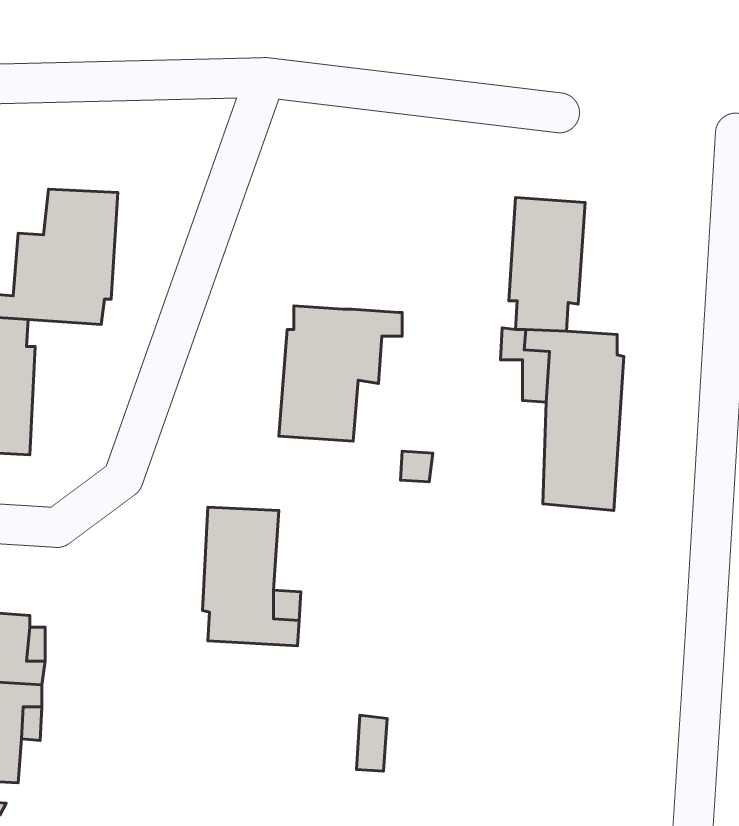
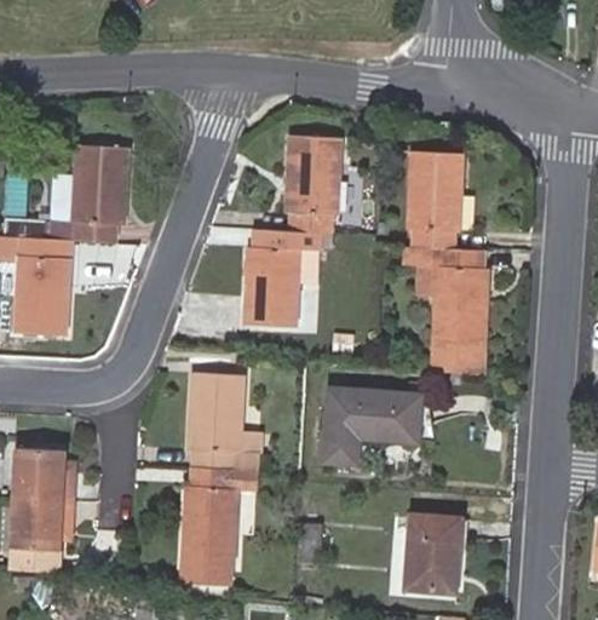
building: none -> [284,136,340,234]
building: none -> [323,385,421,464]
building: none -> [180,469,255,585]
building: none -> [404,512,460,592]

